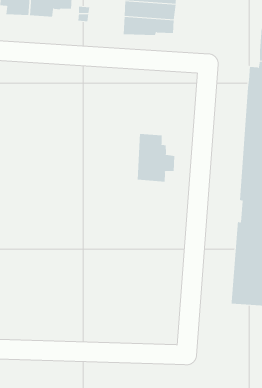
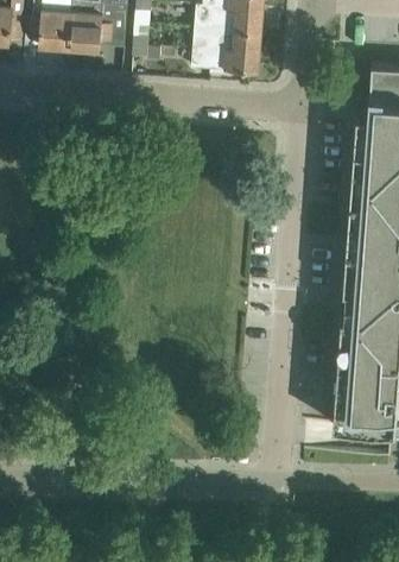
building: [137,133,175,183] -> none

